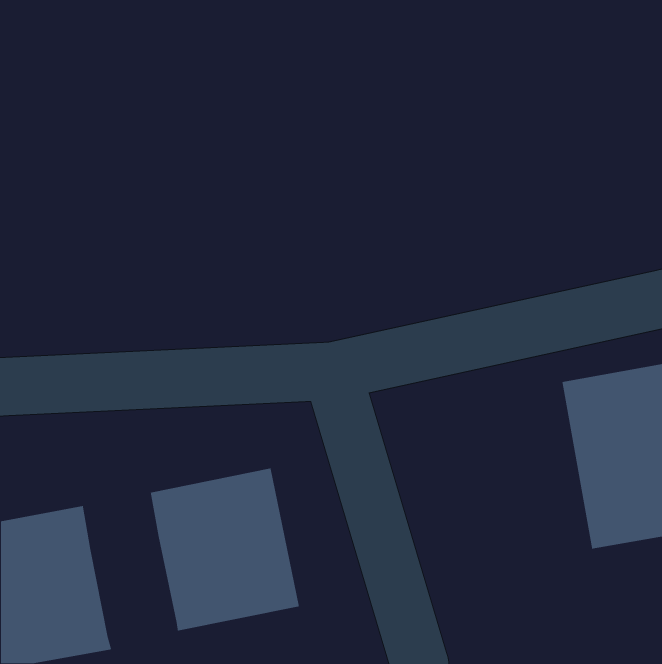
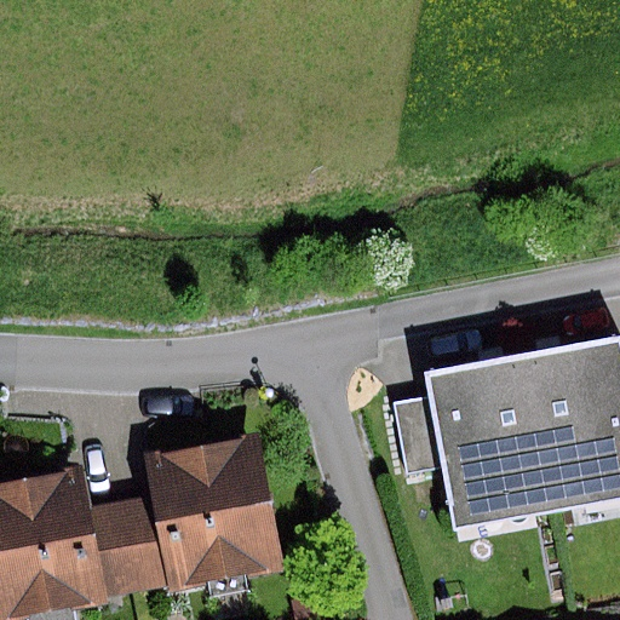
building: none -> [398,355,553,532]
building: none -> [88,499,167,591]

